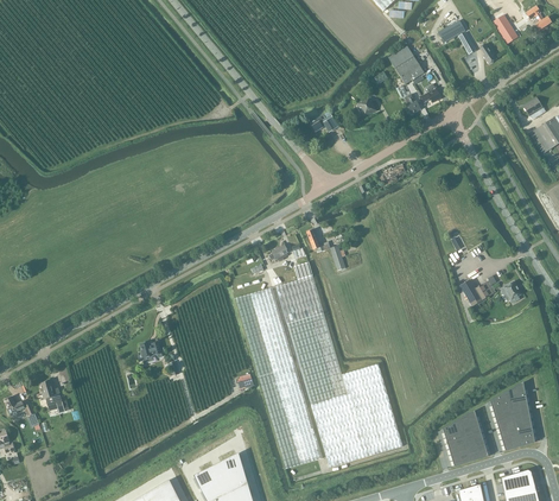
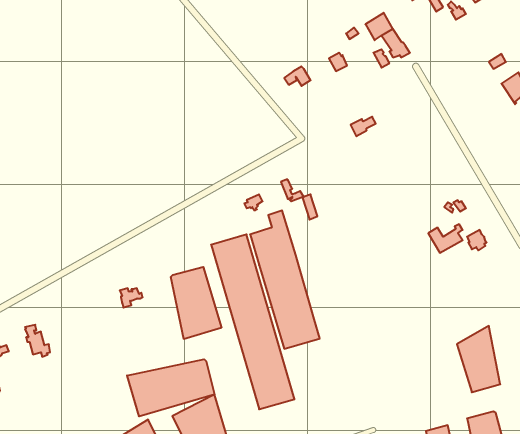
building: none -> [171,267,221,339]
building: [311,363,402,467] -> none
building: [443,410,488,465] -> none
building: none -> [127,359,215,416]

